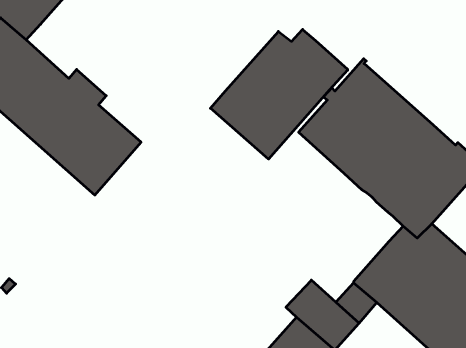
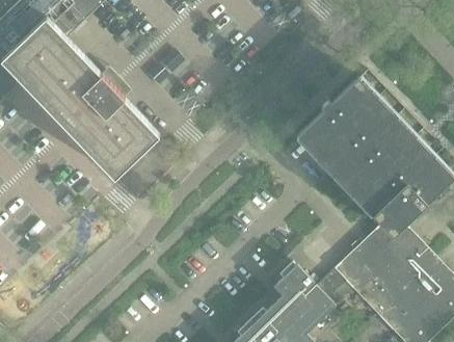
building: [210,29,348,159] -> none

